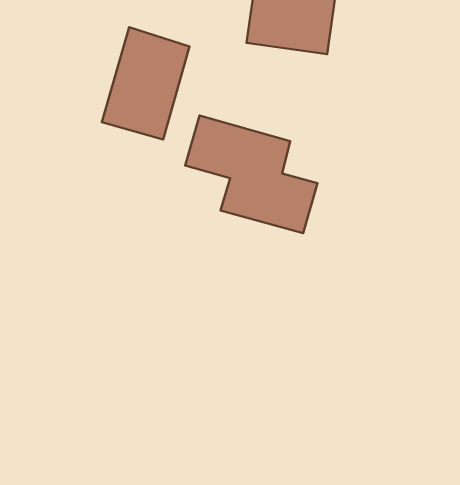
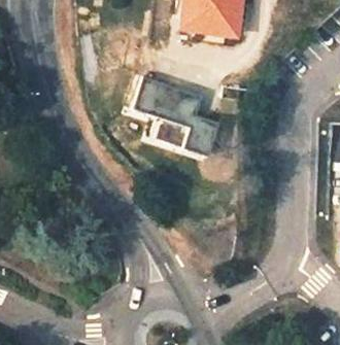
building: [102,27,190,140] -> none

